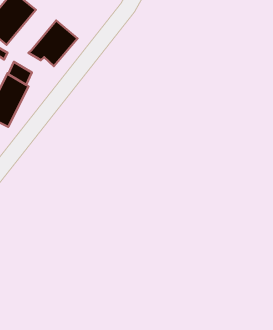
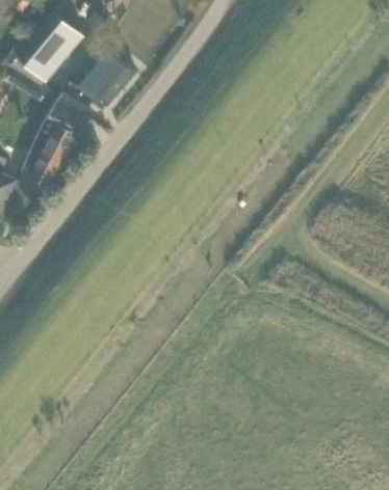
building: none -> [54,80,89,118]

